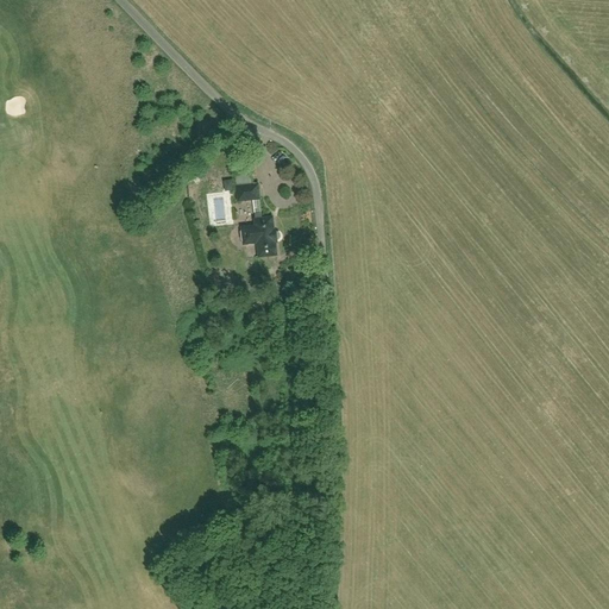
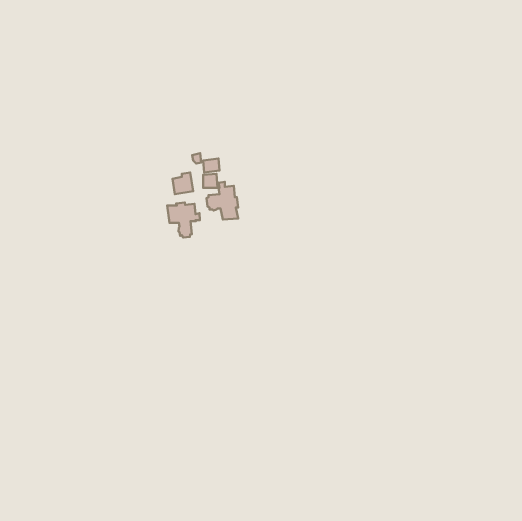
building: none -> [167,203,200,237]

